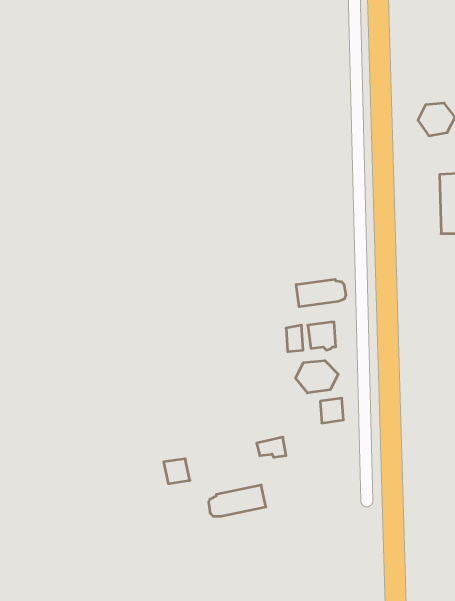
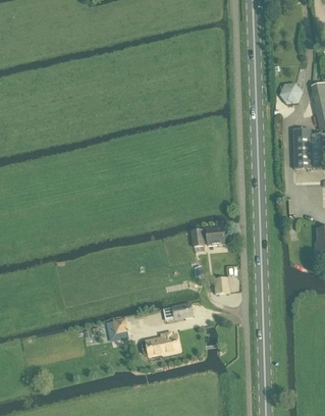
building: [296,279,346,307] -> none
building: [296,361,338,393] -> none

